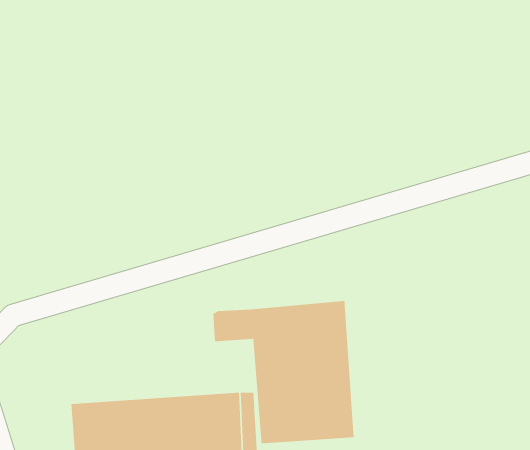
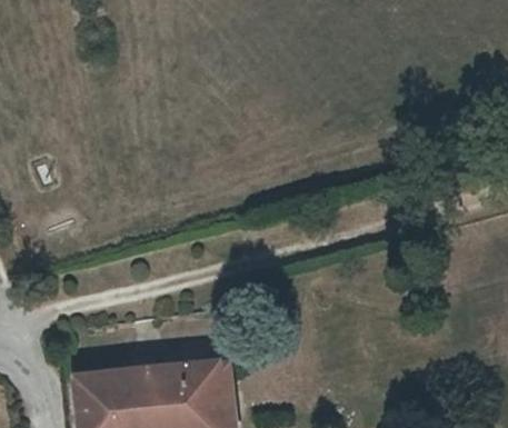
building: [212,300,355,444] -> none

